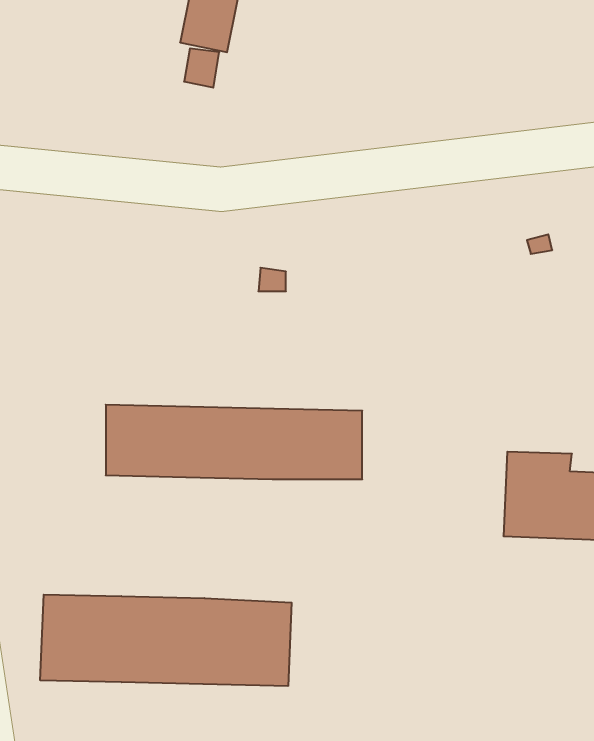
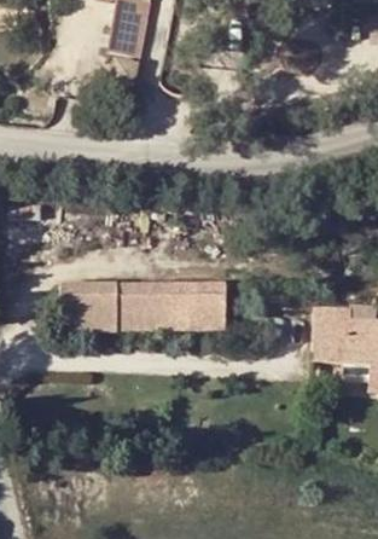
building: [40,595,292,686] -> none

